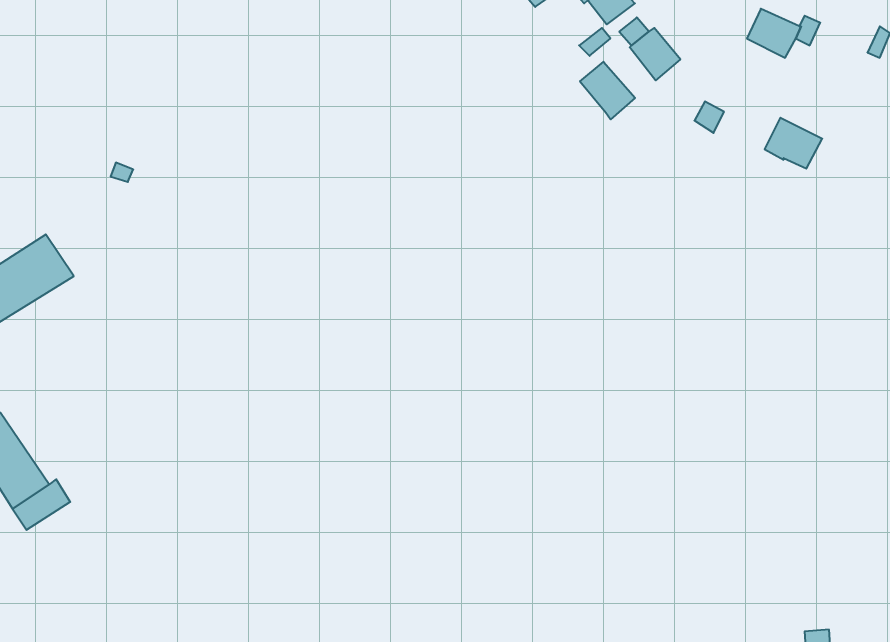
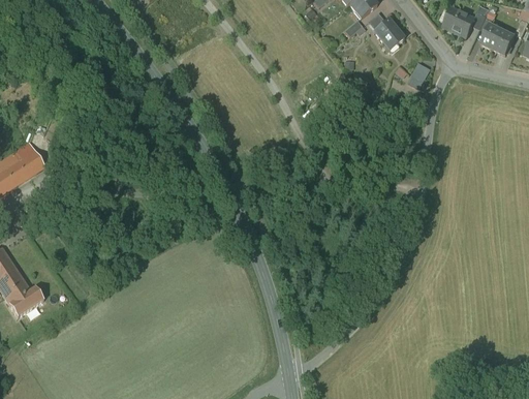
building: [580,62,635,119] -> none
building: [765,118,822,169] -> [480,25,515,55]

